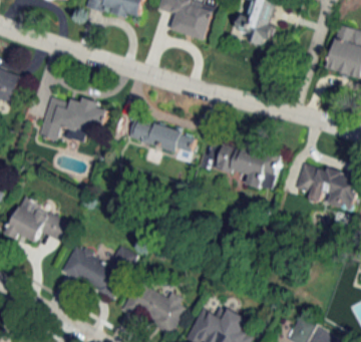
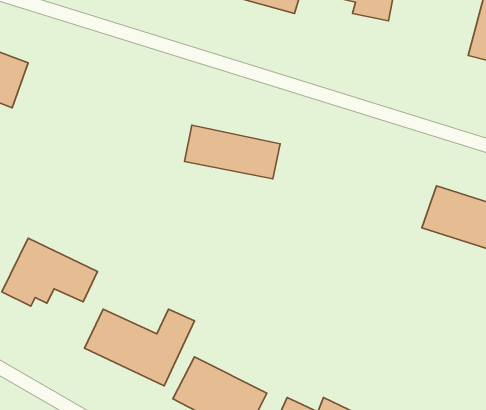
building: [37,95,107,140] -> none
building: [214,141,280,187] -> none

